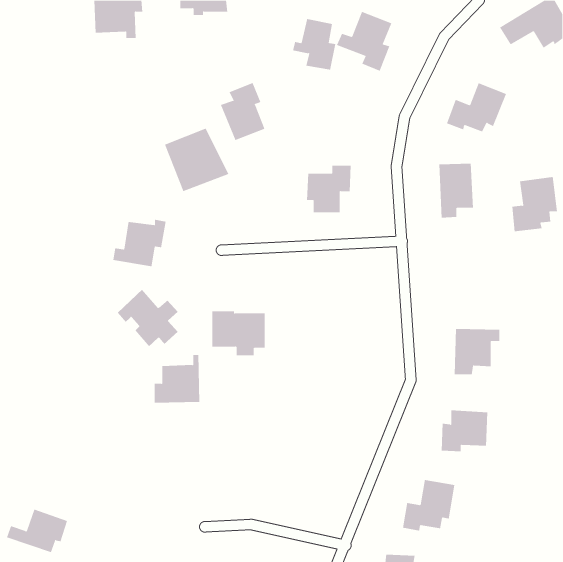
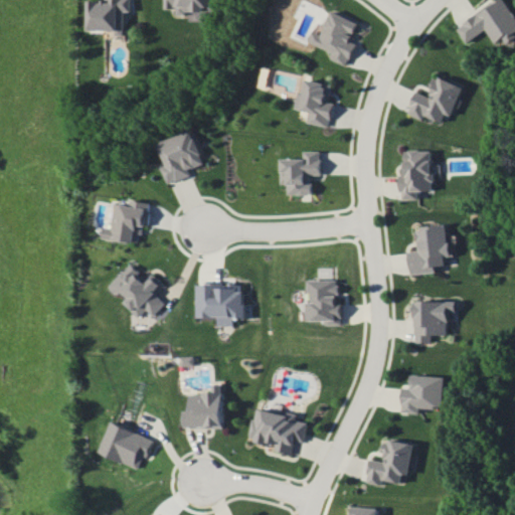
building: [292,18,336,70] -> [294,79,334,127]
building: [220,82,265,141] -> none
building: [511,177,558,232] -> [408,224,451,275]
building: none -> [305,280,341,323]
building: [154,355,200,403] -> [180,384,222,428]
building: none -> [248,402,307,455]
building: [6,509,68,553] -> [95,427,151,468]

